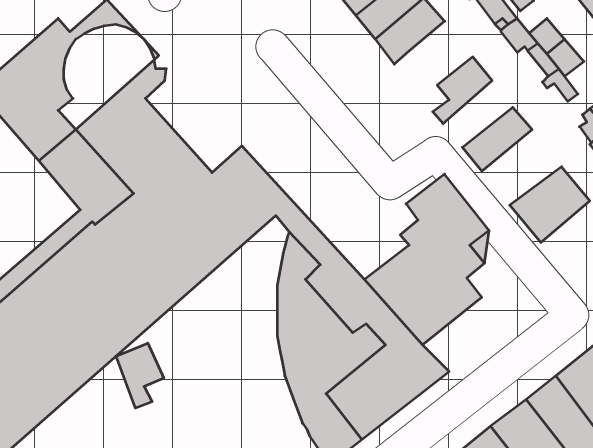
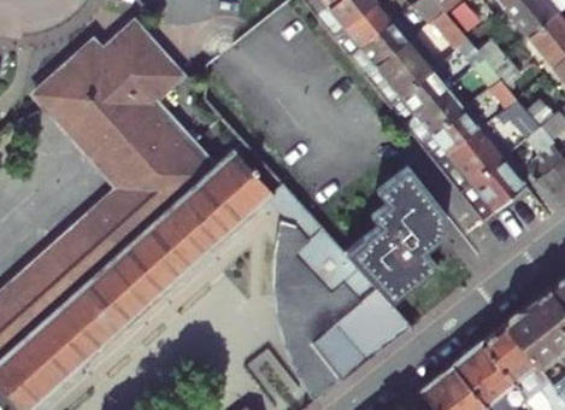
building: none -> [379,40,431,92]
building: none -> [94,42,172,128]
building: none -> [407,88,464,142]
building: none -> [439,128,504,189]
building: [116,343,164,408] -> none

